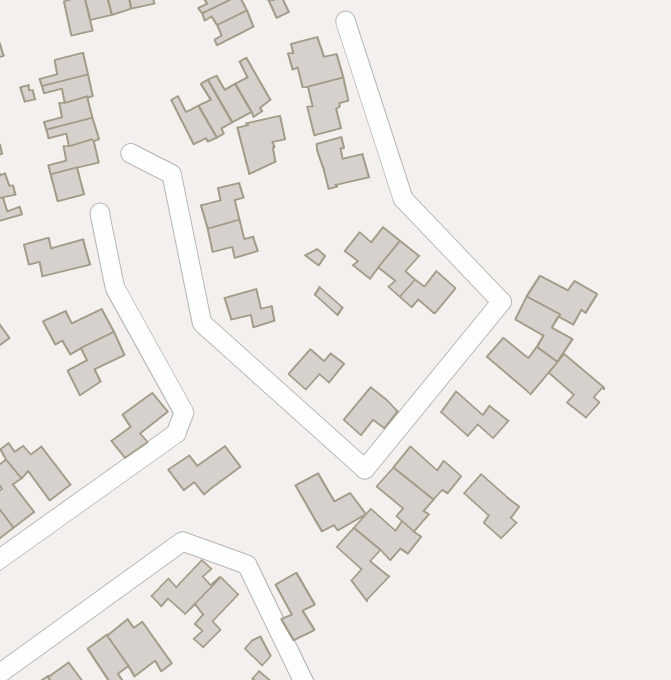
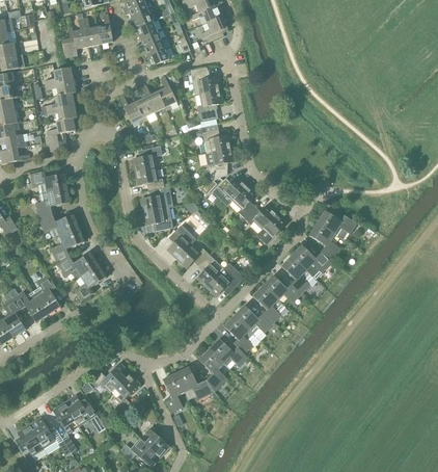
building: [237,116,285,174] -> [204,148,231,180]
building: none -> [140,185,172,212]
building: none -> [34,188,69,219]
building: none -> [255,214,284,245]
building: none -> [167,226,193,258]
building: [549,354,604,418] -> [281,255,312,292]
building: none -> [196,254,223,286]
building: none -> [32,273,61,314]
building: [168,446,241,494] -> [56,252,98,279]
building: [295,473,366,531] -> [174,366,214,399]
building: [464,474,519,538] -> [252,285,283,322]

